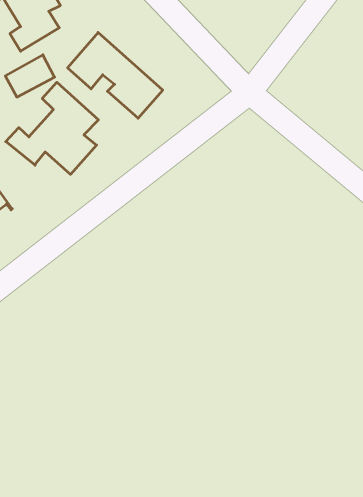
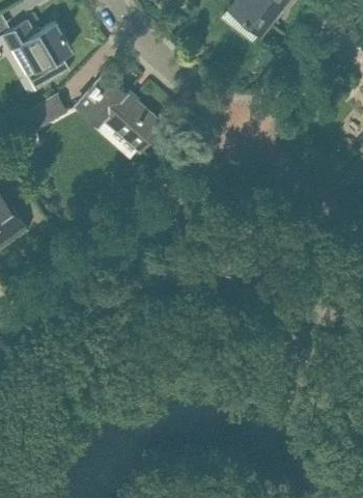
building: [6,82,98,174] -> none

